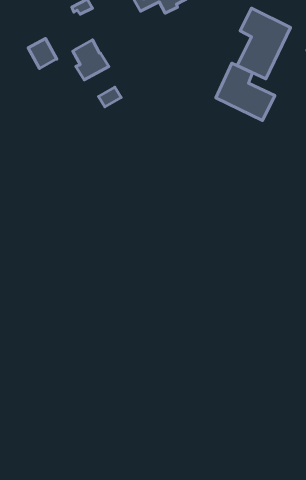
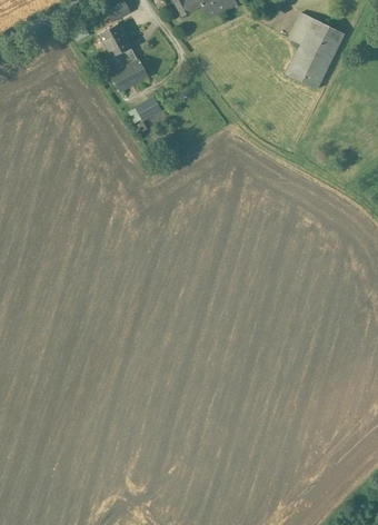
building: [28,39,57,68] -> [99,24,130,57]
building: [216,63,275,120] -> none

